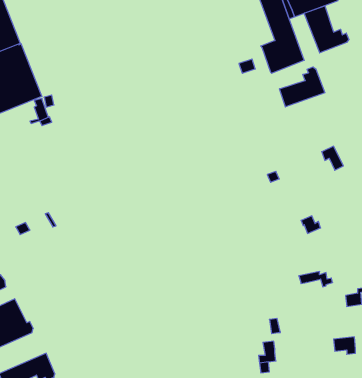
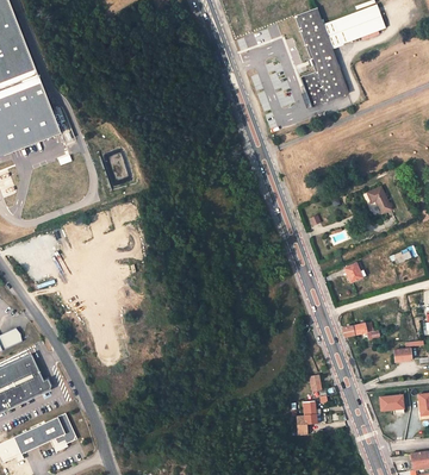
building: [304,6,349,53] -> none
building: [280,67,325,107] -> none

